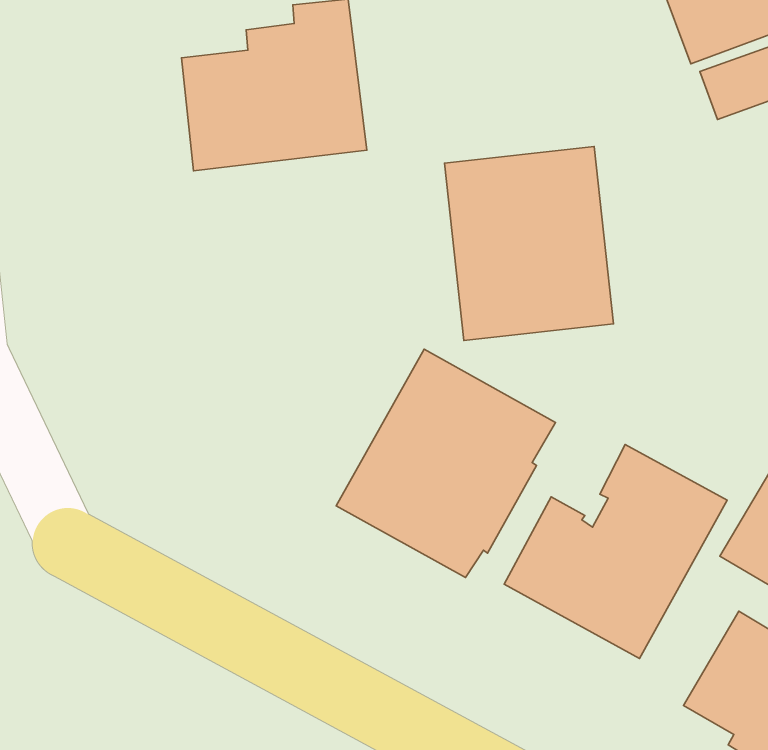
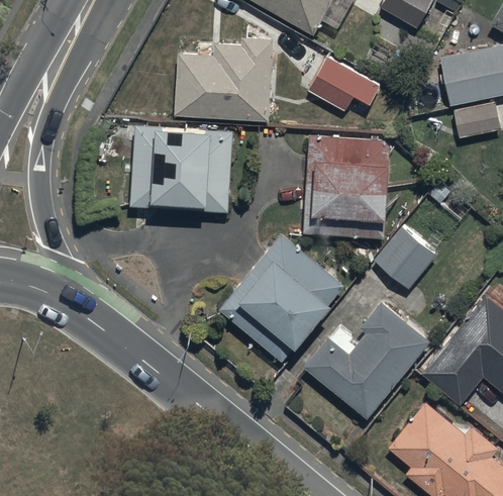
building: none -> [308,58,381,111]
building: none -> [129,124,233,213]
building: none -> [373,226,437,290]

